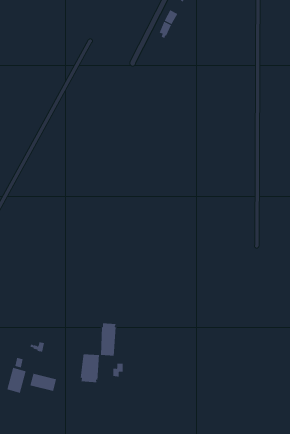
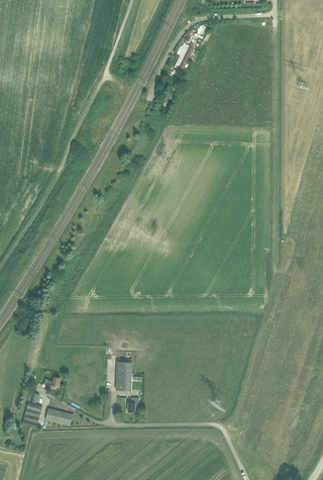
building: [80,353,100,383] -> none

